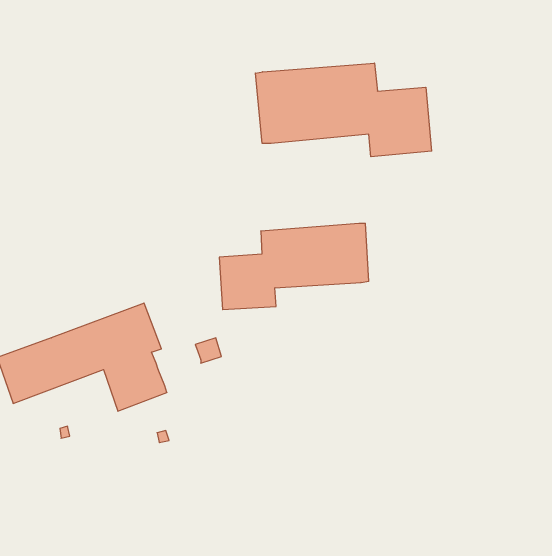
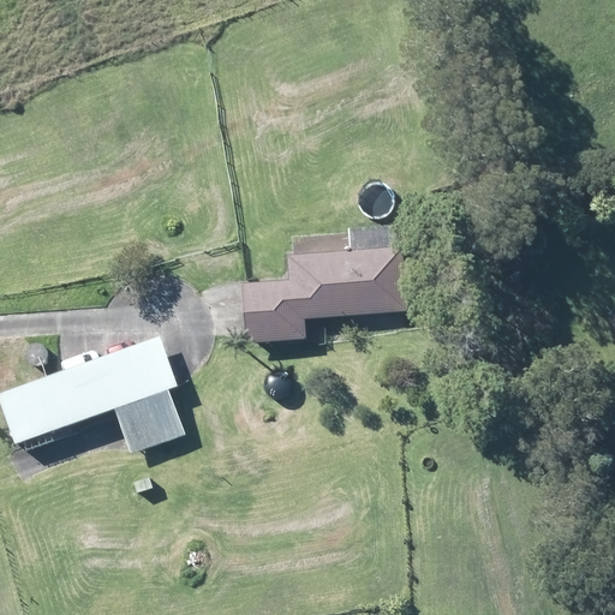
building: [255,63,432,157] -> none

